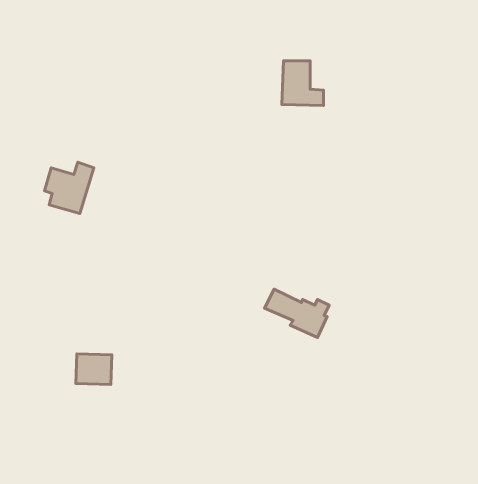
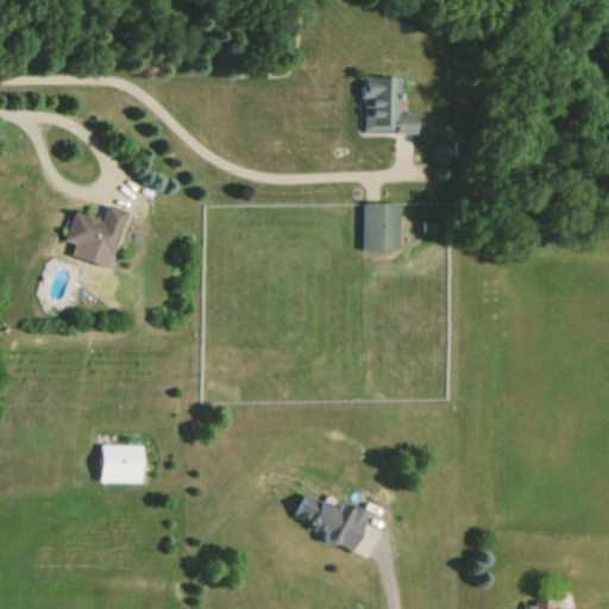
building: none -> [365,203,401,252]
building: [265,289,329,337] -> [294,492,375,553]

